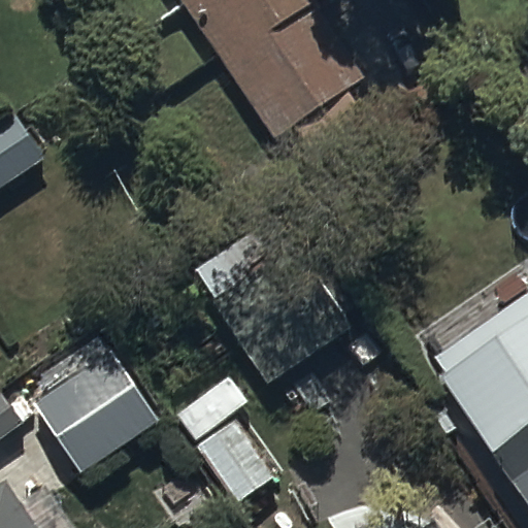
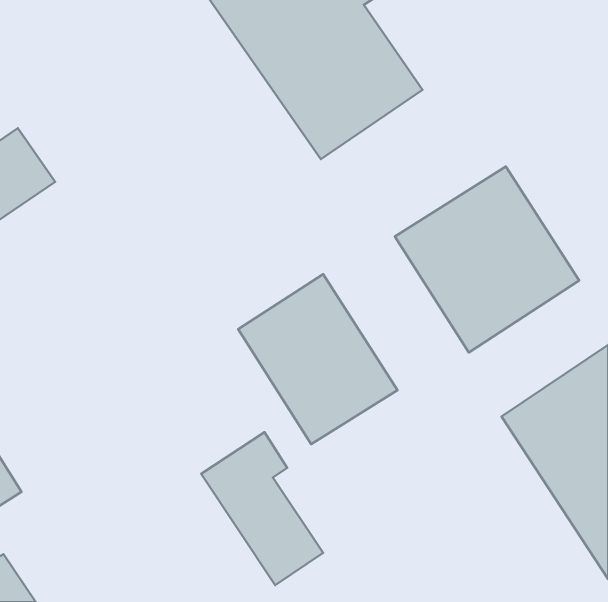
building: none -> [395,166,579,352]
building: [26,334,156,468] -> none

